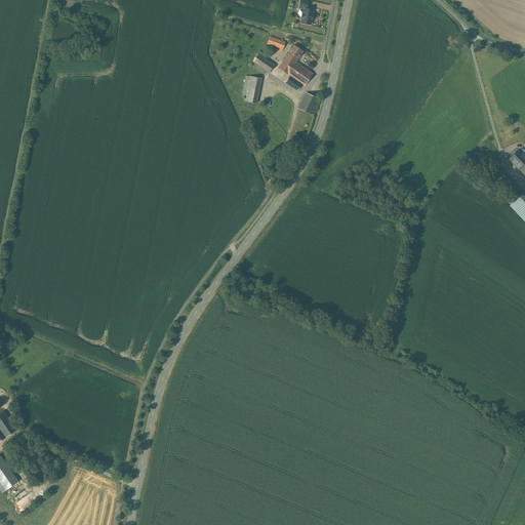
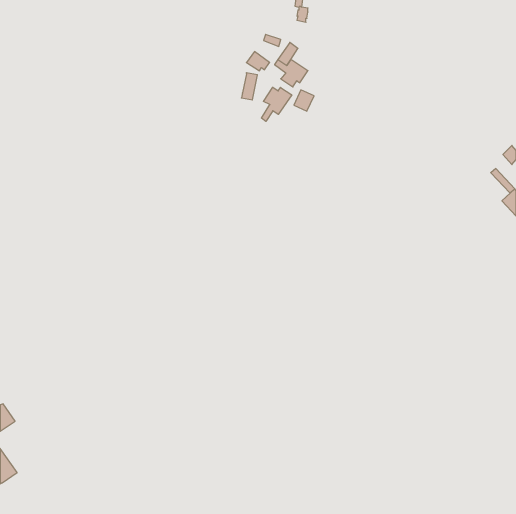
building: none -> [261,87,292,121]

